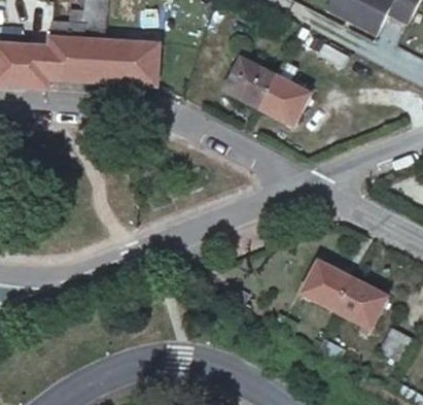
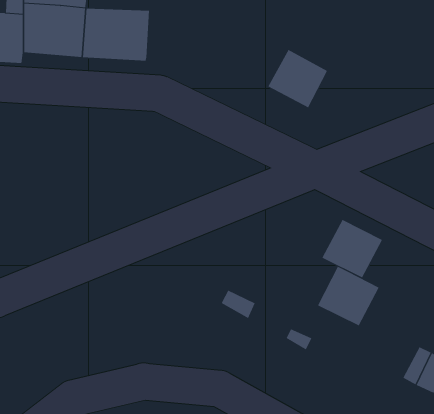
building: [224,56,276,106] -> none
building: [337,278,389,329] -> [322,219,383,278]

